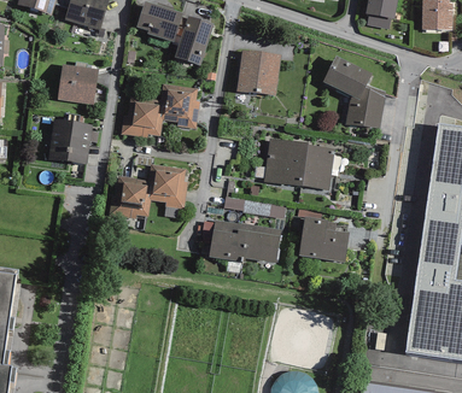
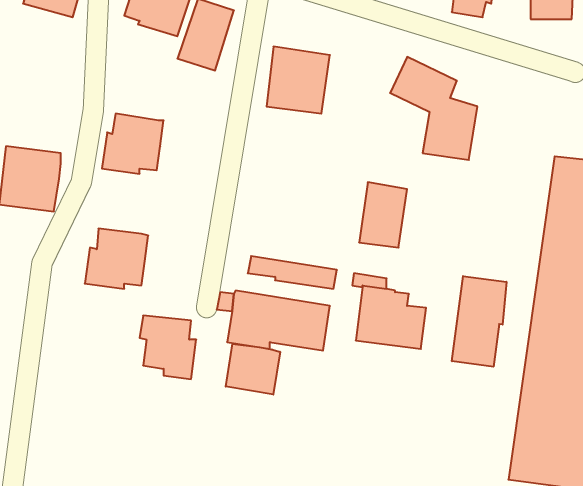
building: [57,65,98,105] -> none
building: [160,84,199,129] -> none
building: [263,139,308,187] -> none
building: [148,165,188,210] -> [140,316,196,379]
building: none -> [452,276,506,367]
building: none -> [226,344,280,395]

